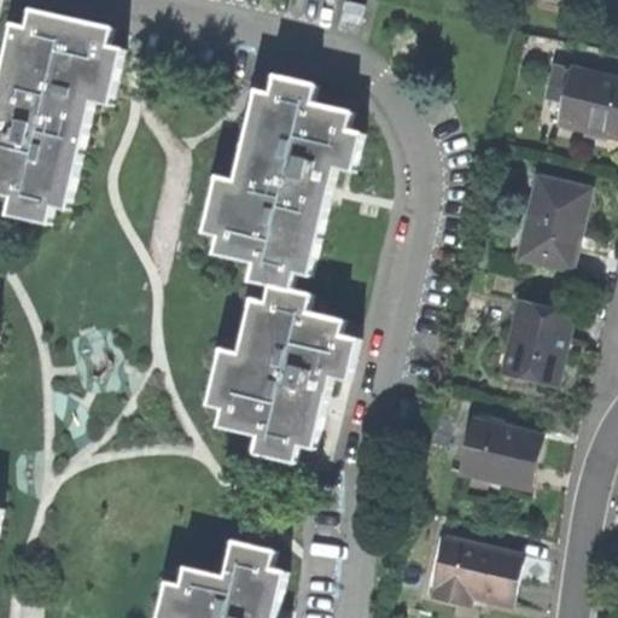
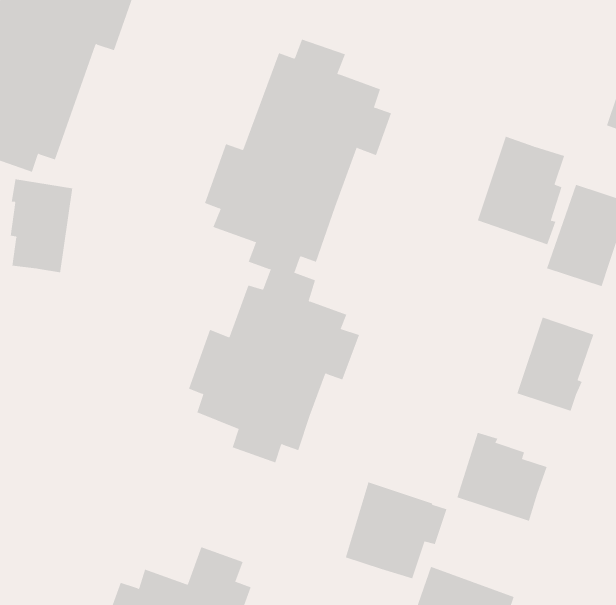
building: none -> [477,136,565,245]
building: none -> [10,178,73,273]
building: none -> [345,481,447,579]

